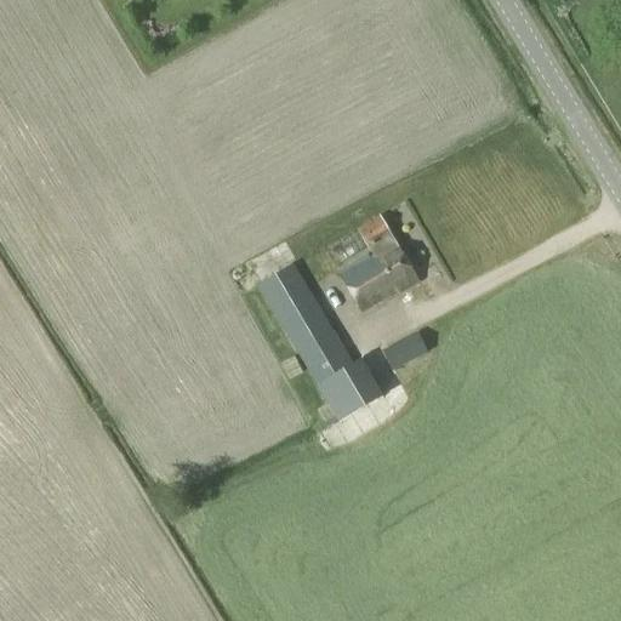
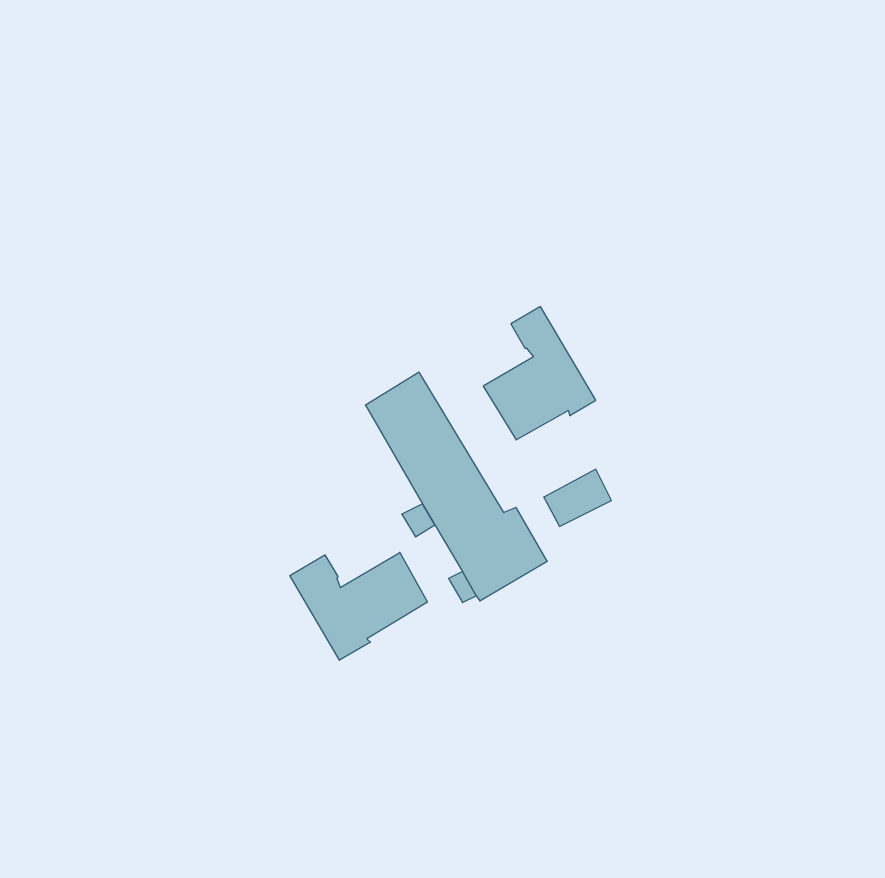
building: none -> [290,552,427,660]

